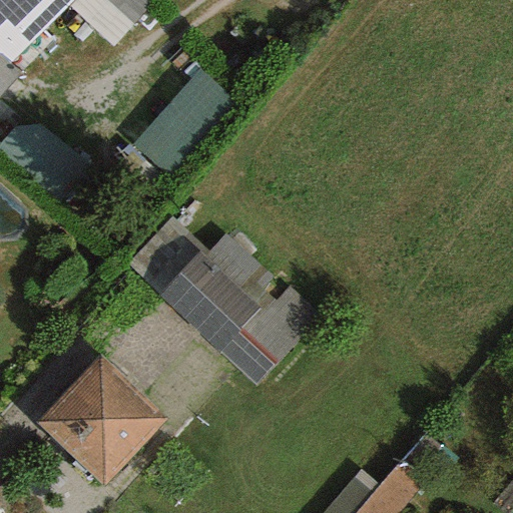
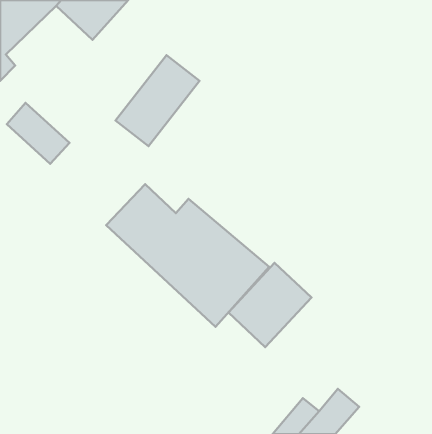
building: none -> [228,263,312,347]
building: [38,357,167,486] -> none

